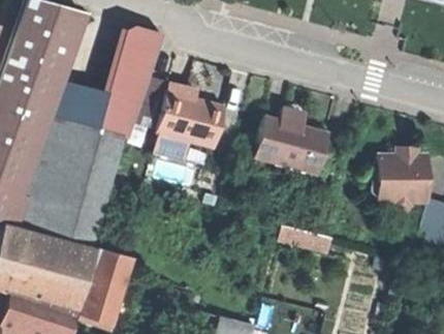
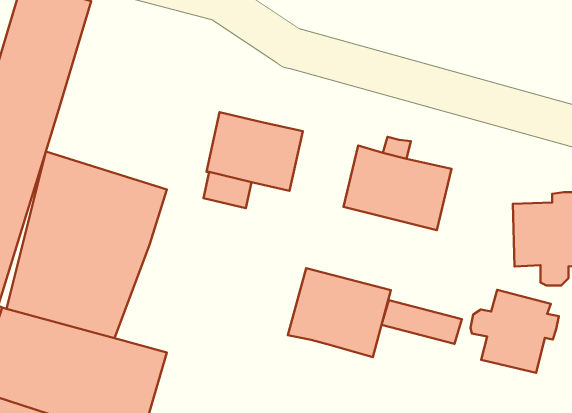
building: [43,23,163,144] -> none
building: none -> [288,268,391,357]
building: none -> [470,290,559,373]

